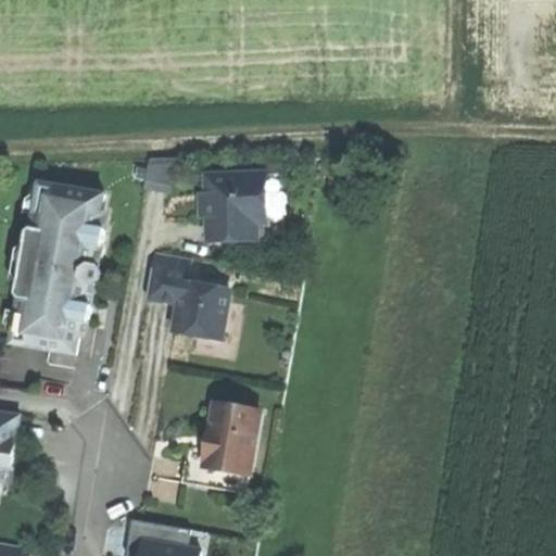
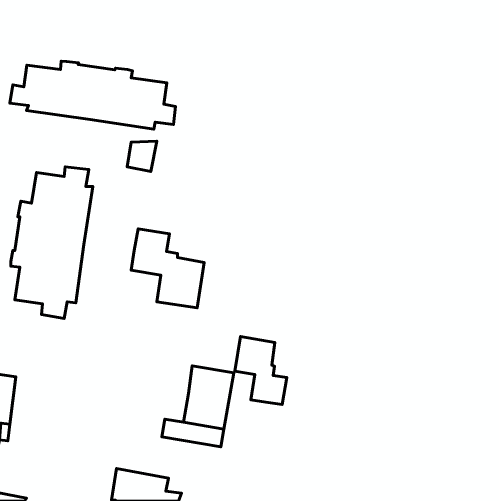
building: none -> [10,61,175,129]
building: [195,173,264,239] -> none
building: none -> [235,337,287,405]

